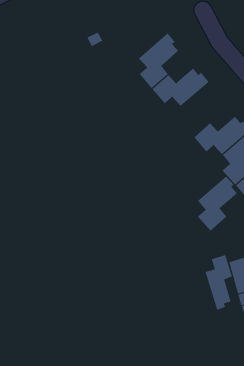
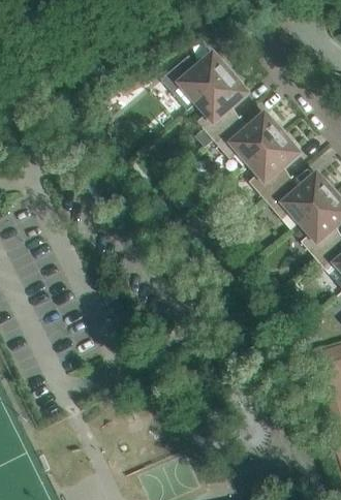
building: none -> [160,53,233,101]
building: [197,176,238,232] -> [248,130,299,199]
building: [205,254,233,310] -> none

